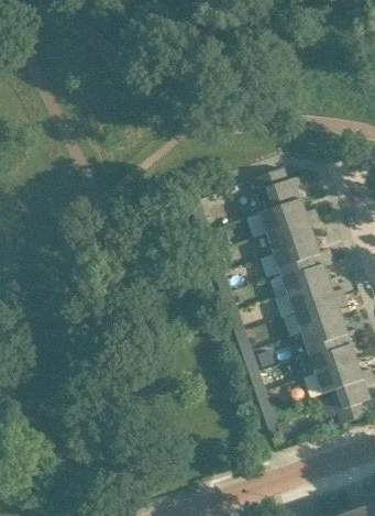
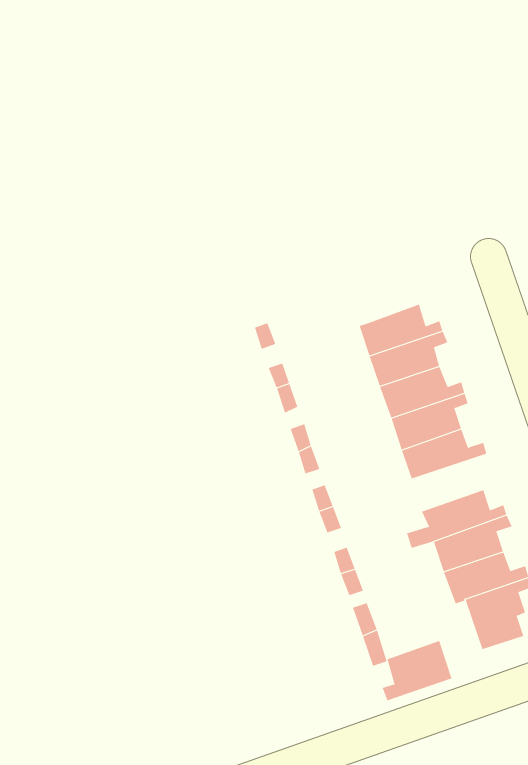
building: [256,171,305,212] -> none
building: [295,298,346,336] -> none
building: none -> [382,640,452,701]

